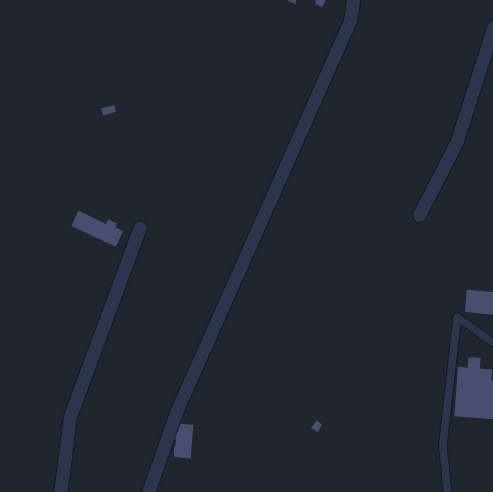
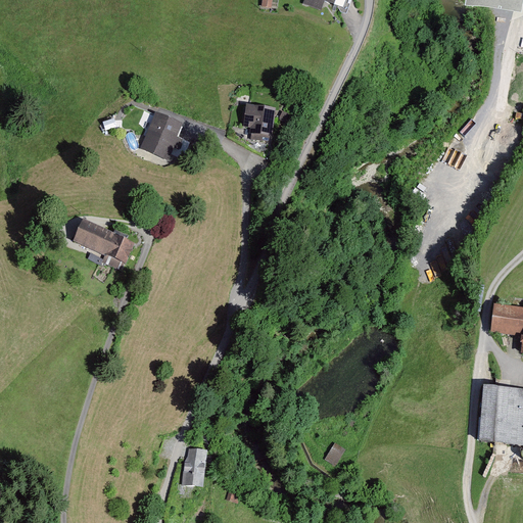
building: none -> [242,106,272,133]
building: none -> [142,114,180,157]

